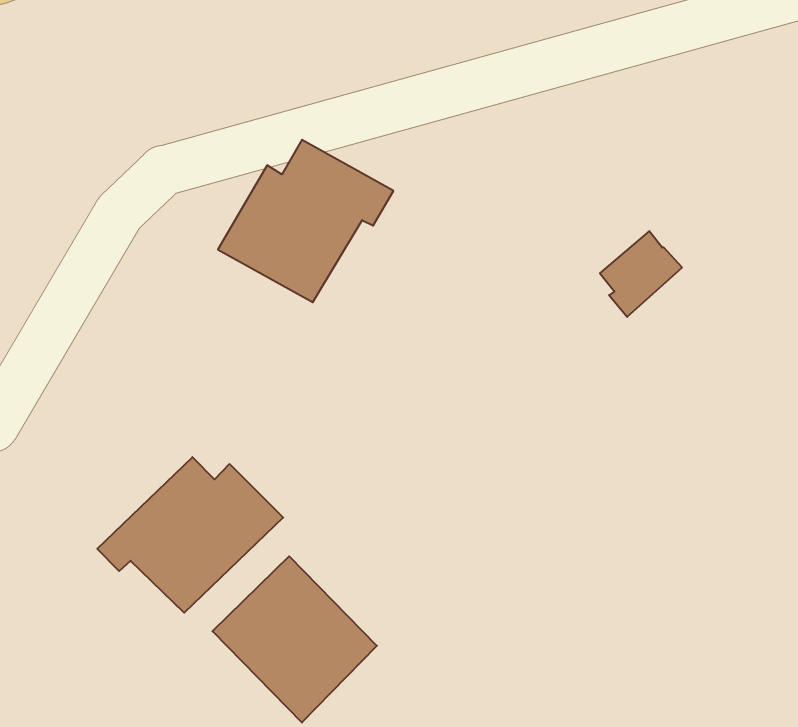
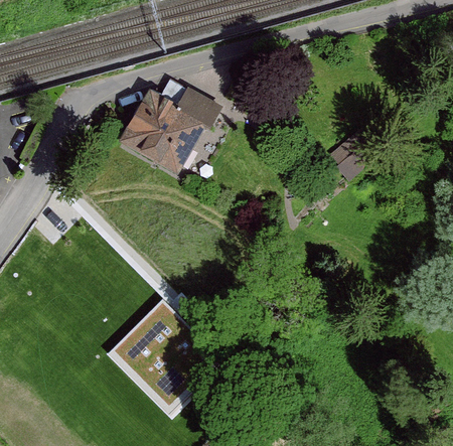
building: [97,457,283,613] -> none

